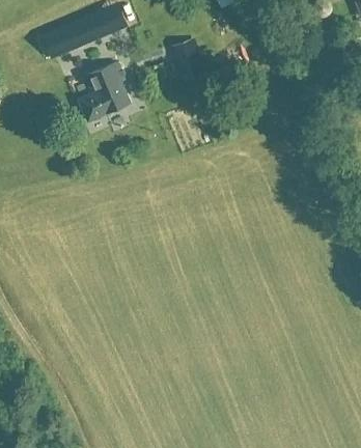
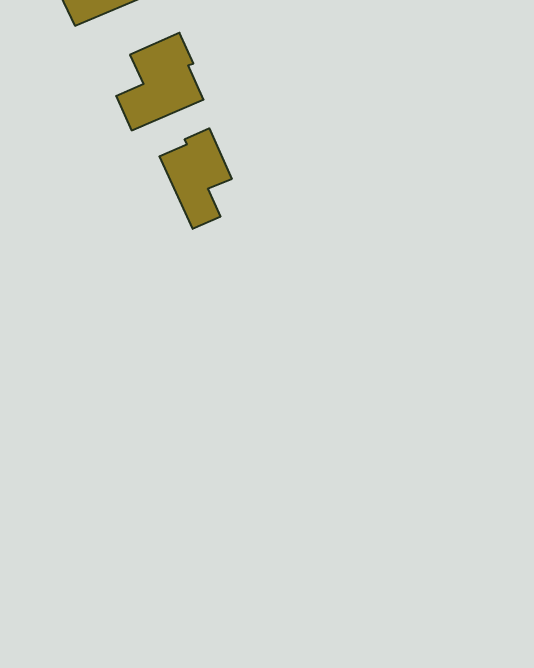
building: none -> [159,128,232,229]

